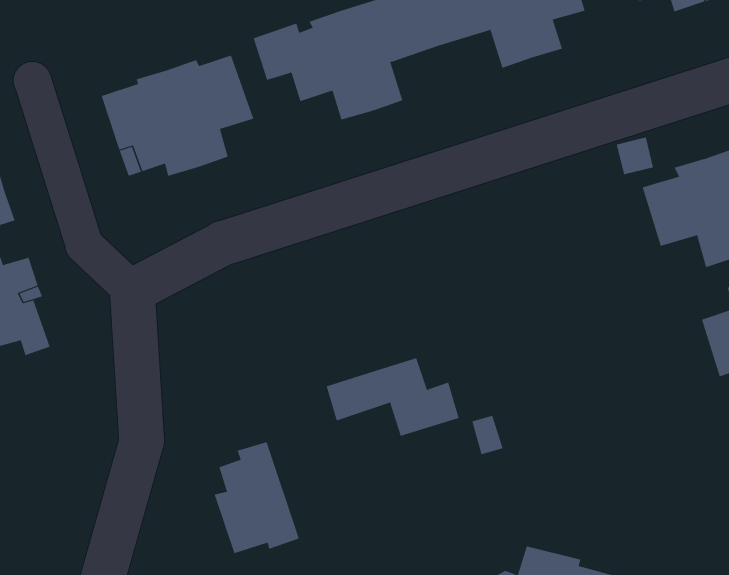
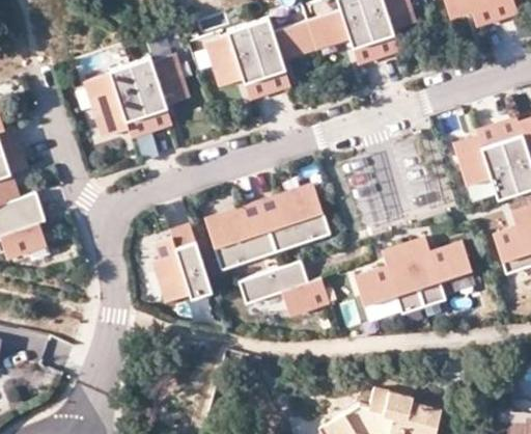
building: none -> [206,188,330,269]
building: none -> [355,238,472,314]
building: [214,441,299,554] -> [153,224,212,301]

